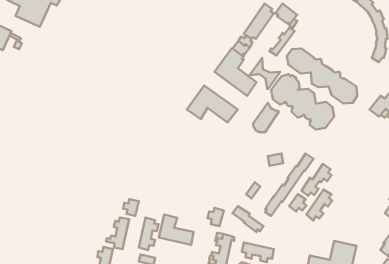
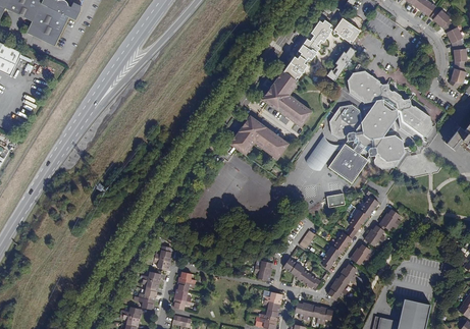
building: [249,58,280,89] -> [361,100,398,136]
building: none -> [329,148,364,182]
building: [306,189,332,220] -> [327,263,358,299]
building: [159,215,193,245] -> none

